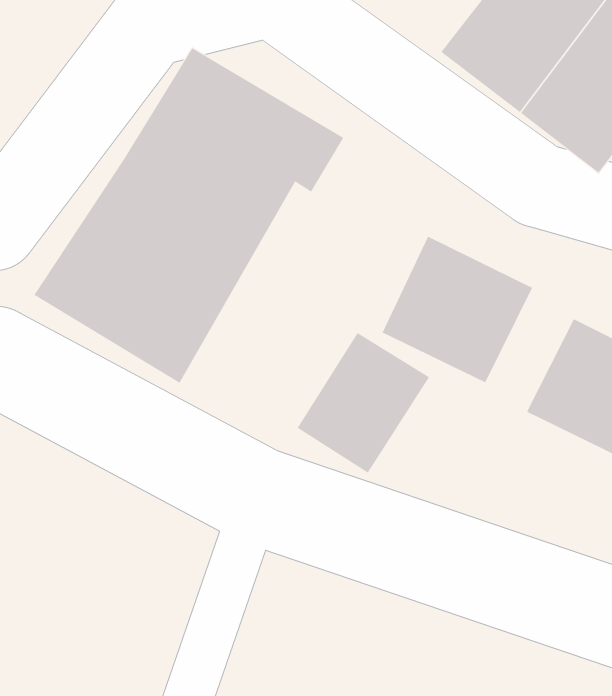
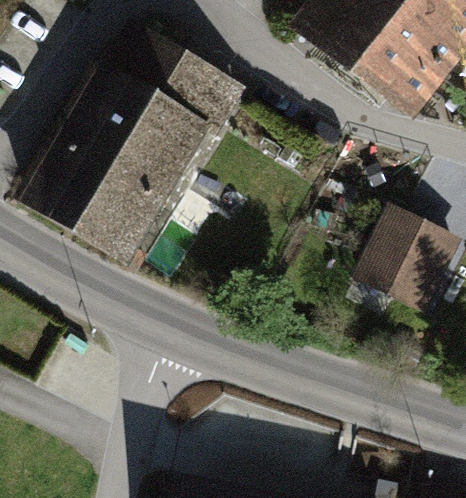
building: [382,236,533,383] -> none
building: [297,332,430,473] -> none

